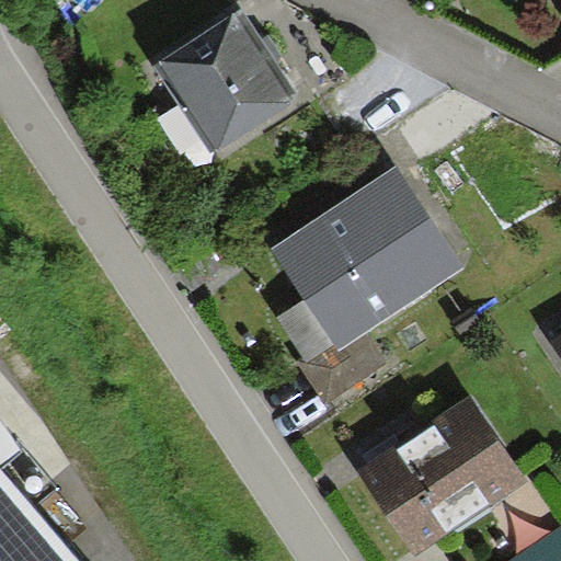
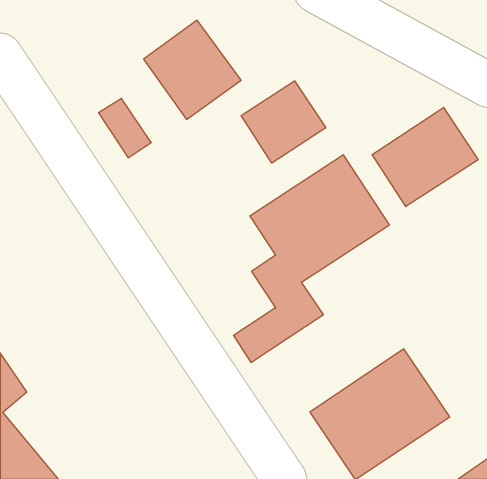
building: none -> [241,81,326,163]
building: none -> [372,107,478,207]

